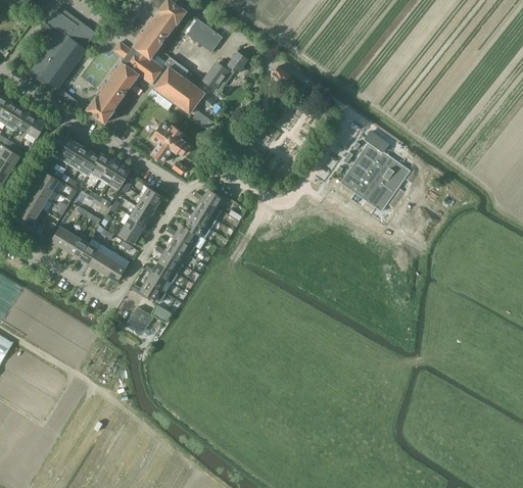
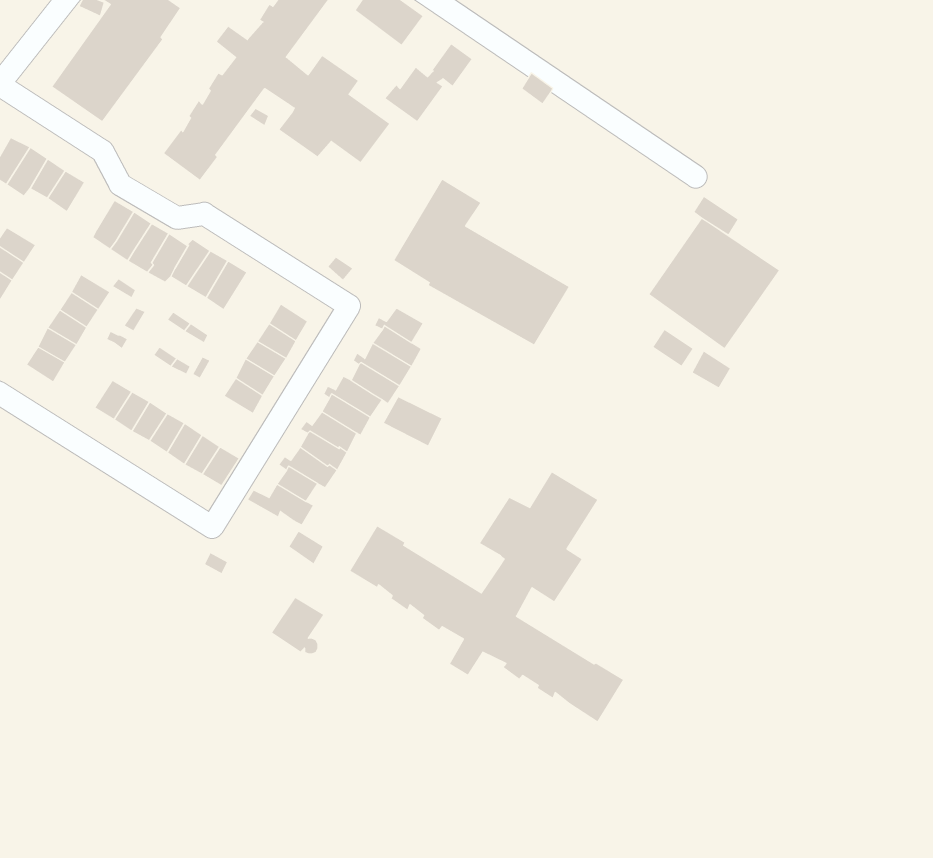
building: [151,121,188,163] -> none
building: none -> [394,179,570,345]
building: none -> [383,397,442,446]
building: none -> [349,472,624,722]
building: [126,307,153,337] -> [271,597,324,654]

